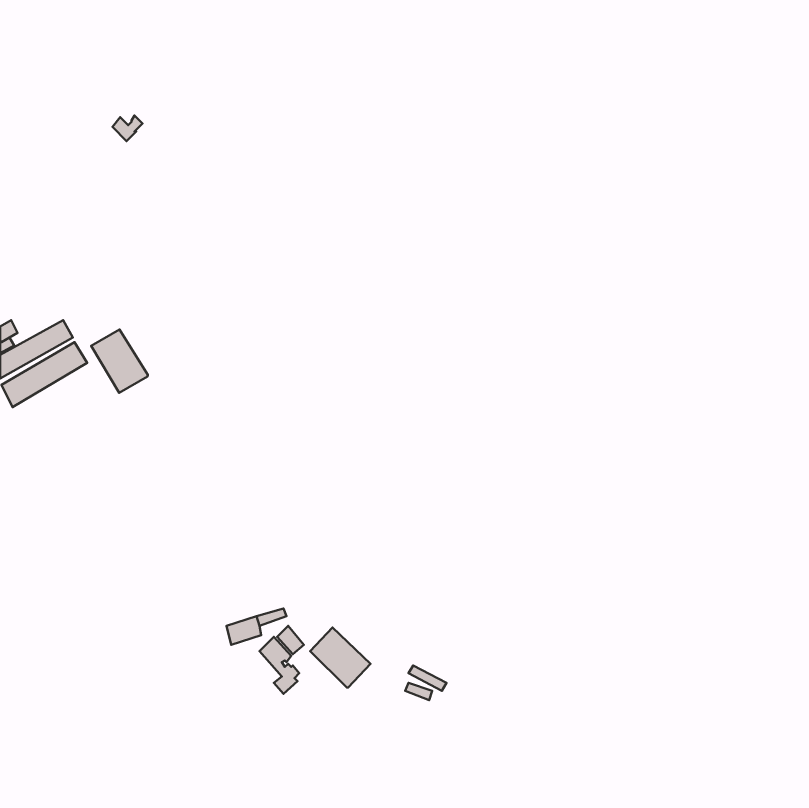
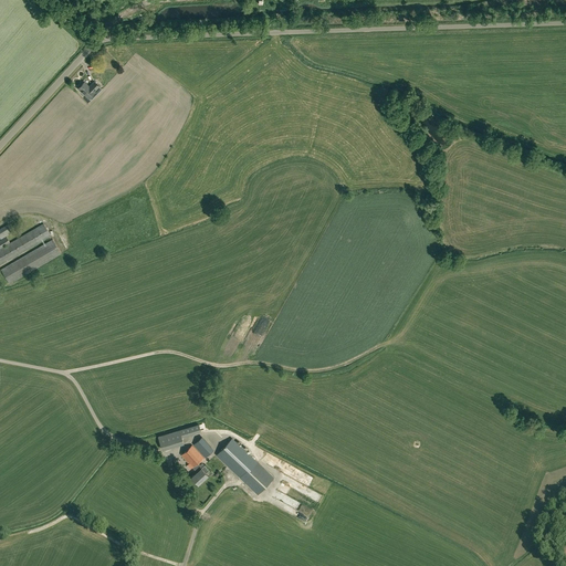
building: [91,330,148,393] -> none
building: none -> [242,464,273,495]

